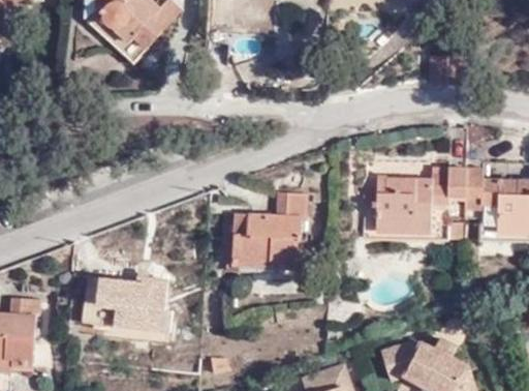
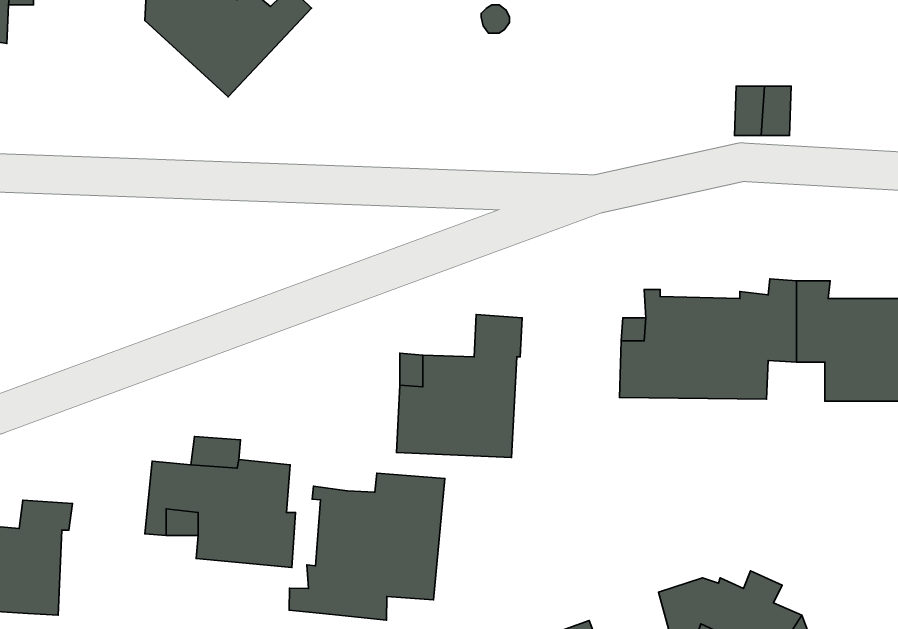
building: none -> [289,473,445,620]

